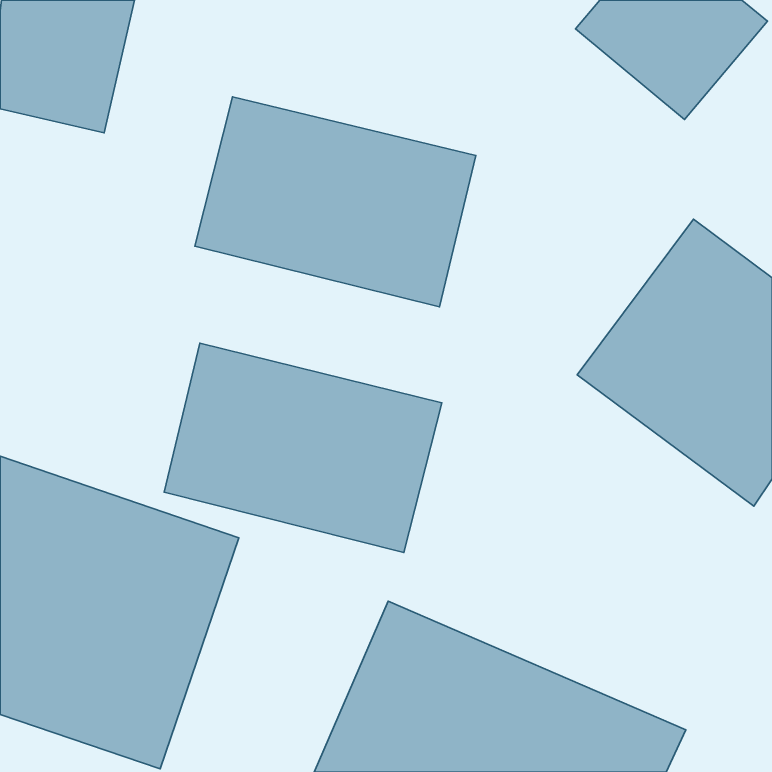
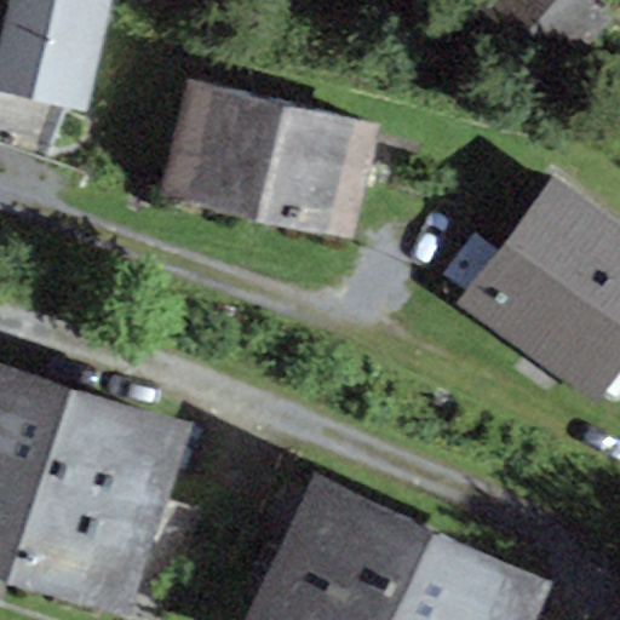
building: [164,343,442,552] -> none

